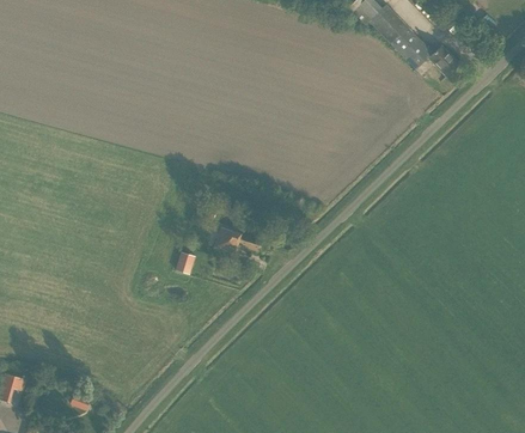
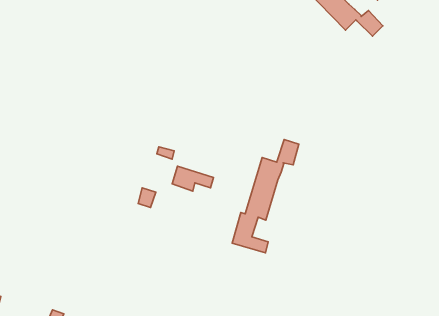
building: none -> [232,140,299,253]

